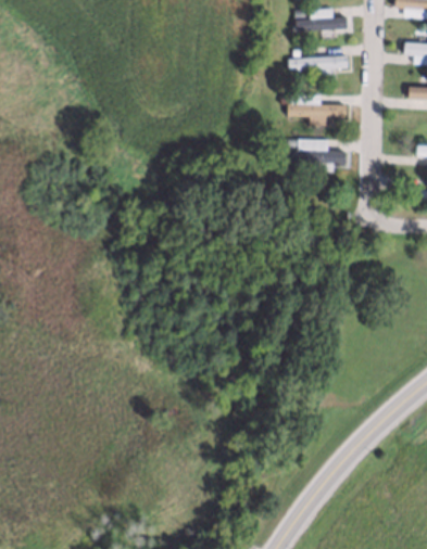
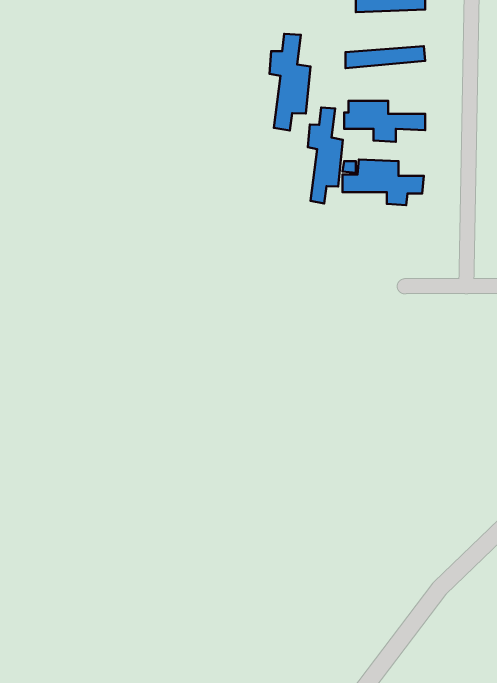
building: none -> [270,34,311,130]
building: none -> [308,107,343,203]

